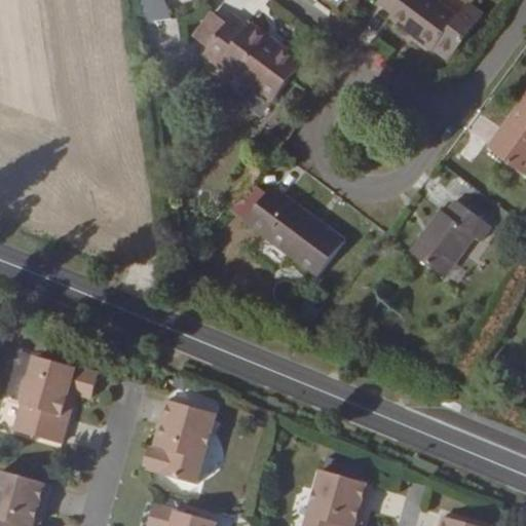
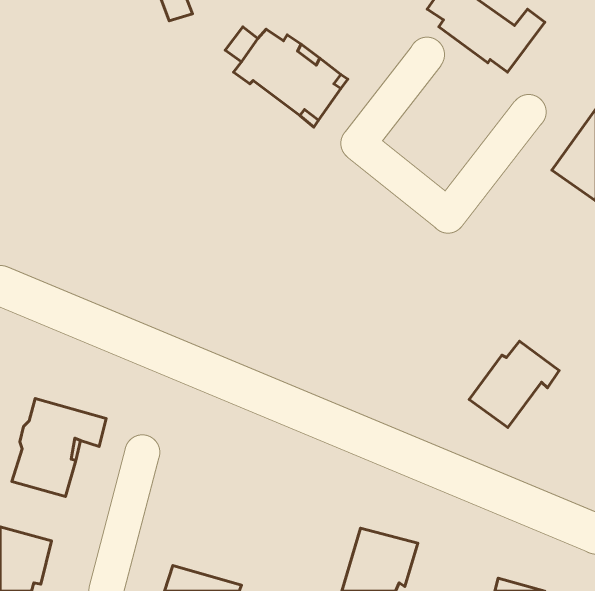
building: [242,188,343,278] -> none
building: [414,200,493,276] -> [469,341,559,428]
building: [143,394,214,480] -> none

